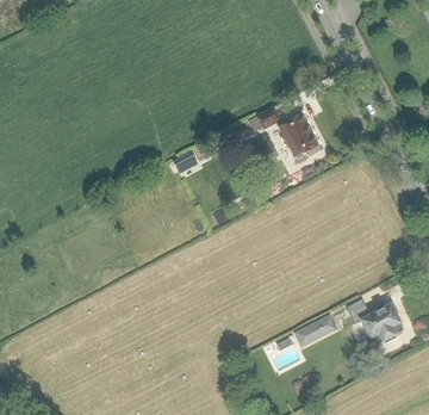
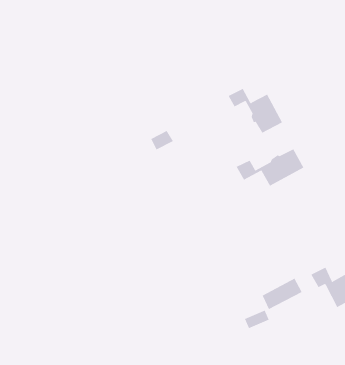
building: none -> [236,149,304,187]

